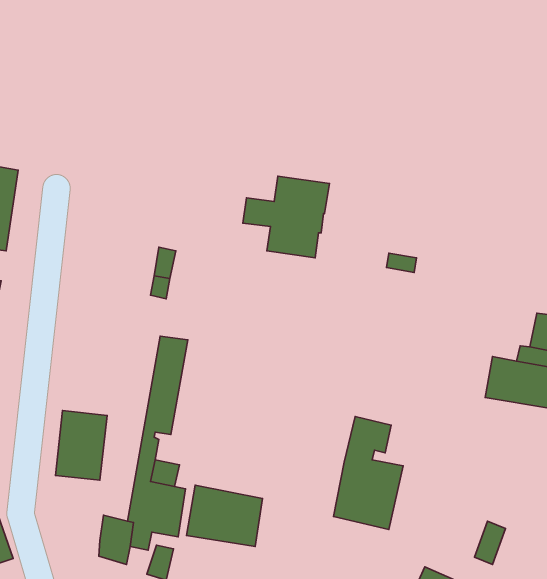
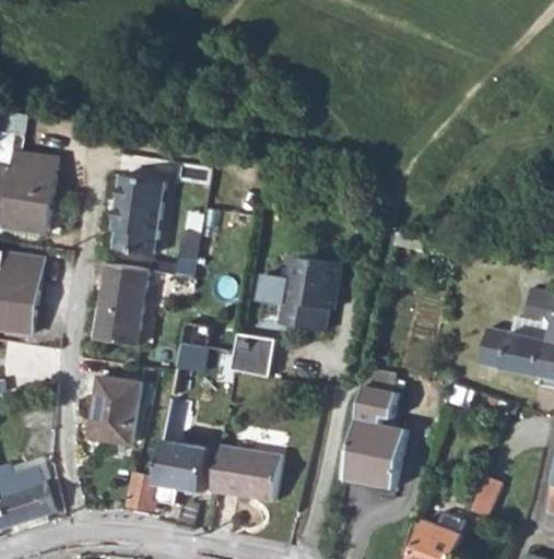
building: [243,176,329,258] -> [258,260,337,334]
building: none -> [116,173,169,251]
building: none -> [97,260,152,344]
building: none -> [231,336,274,377]

